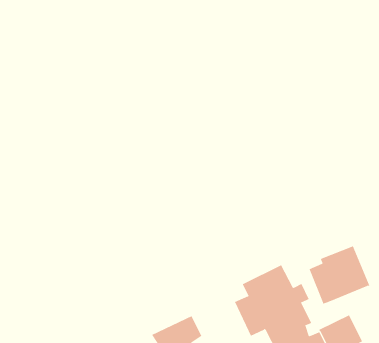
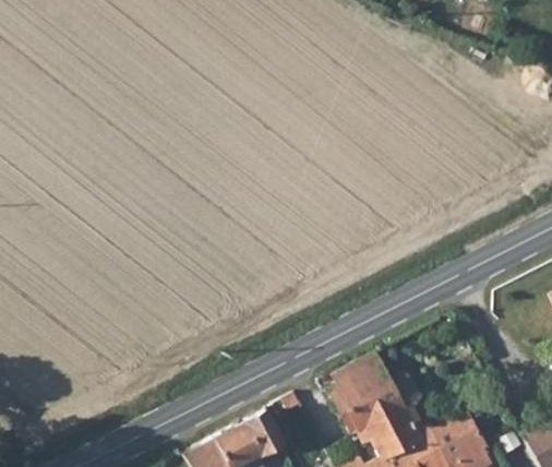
building: [309,245,370,305] -> none

